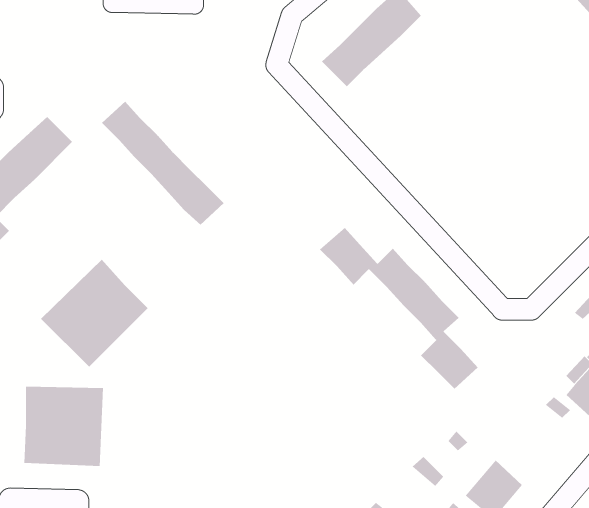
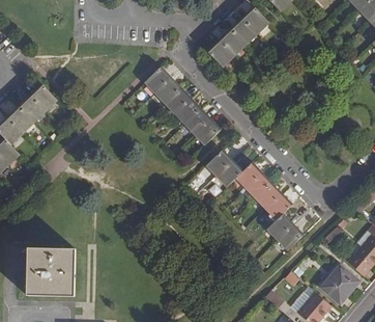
building: [101,101,224,225] -> [144,68,219,143]
building: [40,259,149,368] -> none
building: none -> [318,264,358,303]

